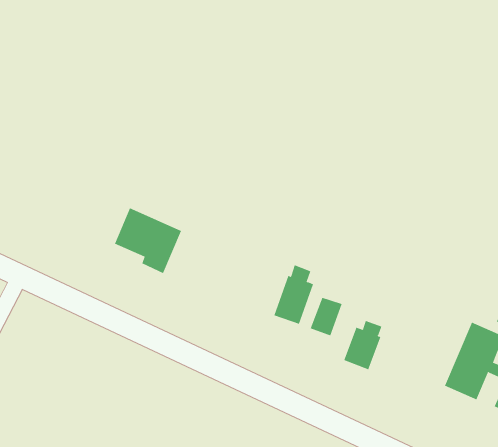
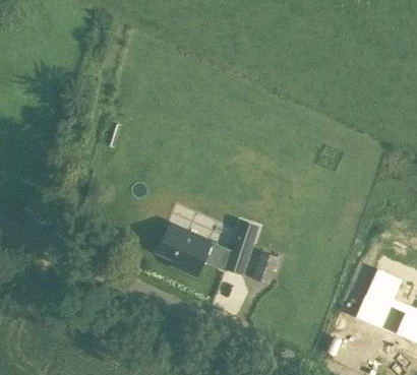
building: [114,207,182,274] -> [158,220,211,271]
building: [343,320,382,370] -> none

